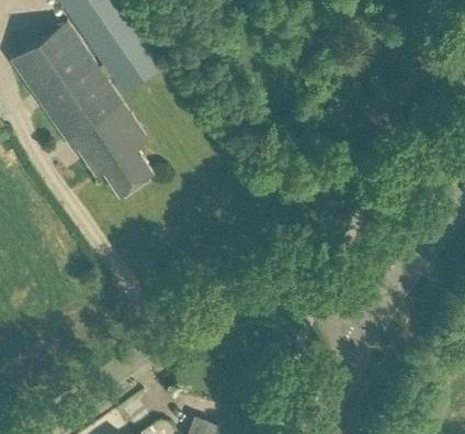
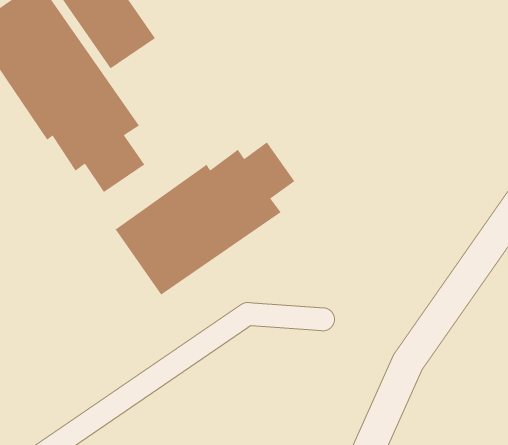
building: none -> [115,142,295,296]

